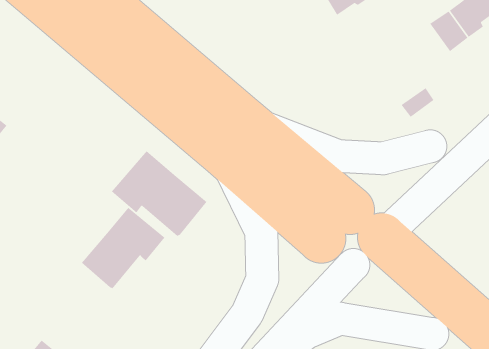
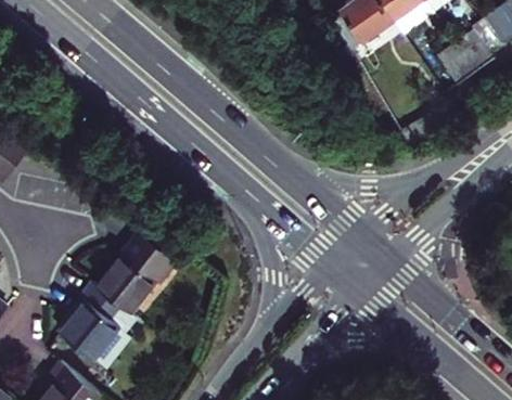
building: [111,150,207,237] -> none
building: none -> [61,284,127,364]

